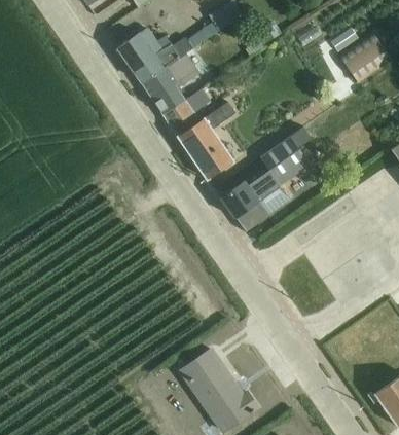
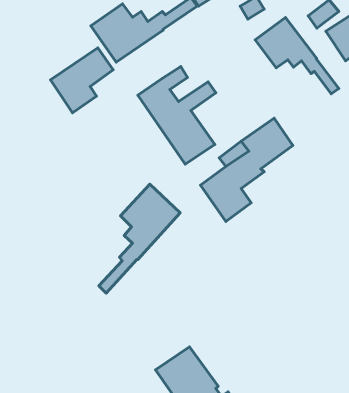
building: none -> [255,17,339,94]
building: [142,53,201,114] -> [51,48,113,113]
building: none -> [99,184,180,293]

